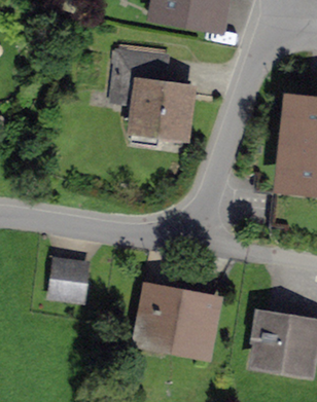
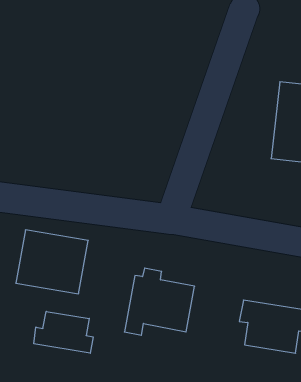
building: [115,52,188,145] -> none
building: none -> [34,311,93,353]

